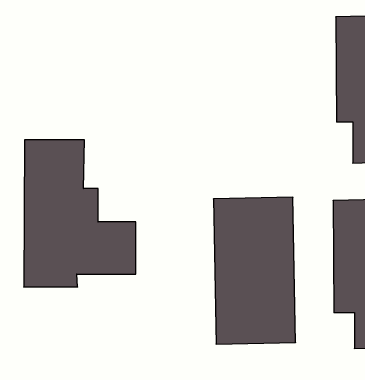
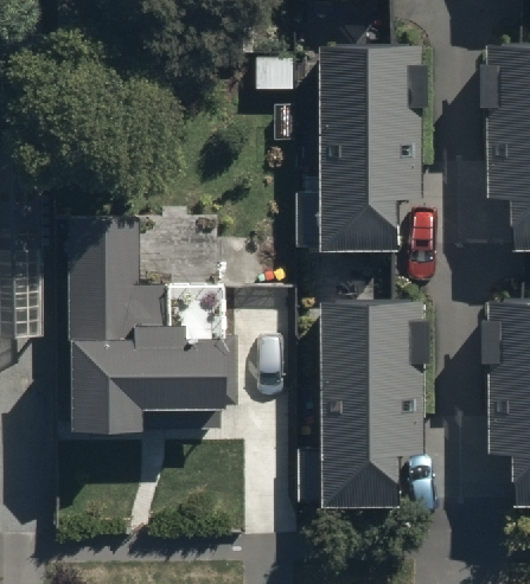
building: none -> [319,41,432,249]

